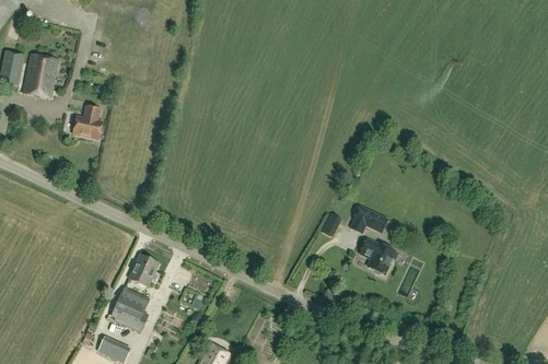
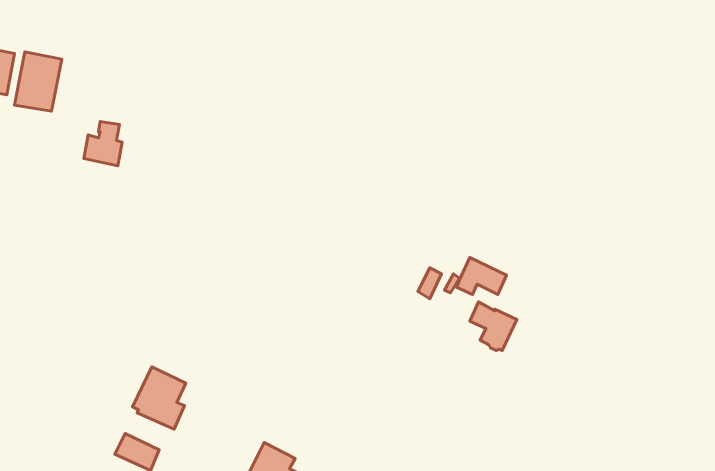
building: [129,254,160,287] -> none

